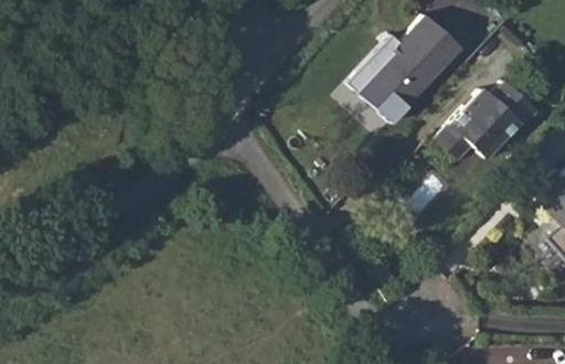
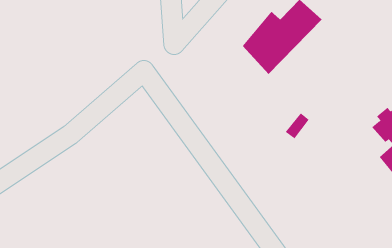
building: [435,82,536,162] -> none

